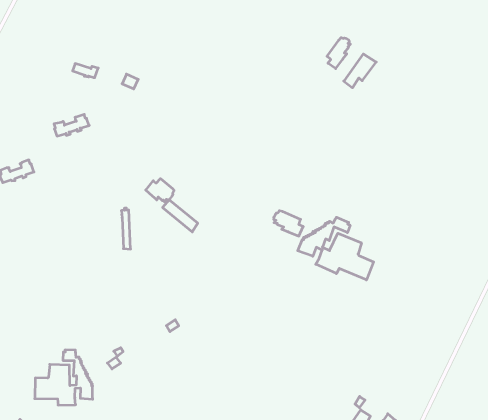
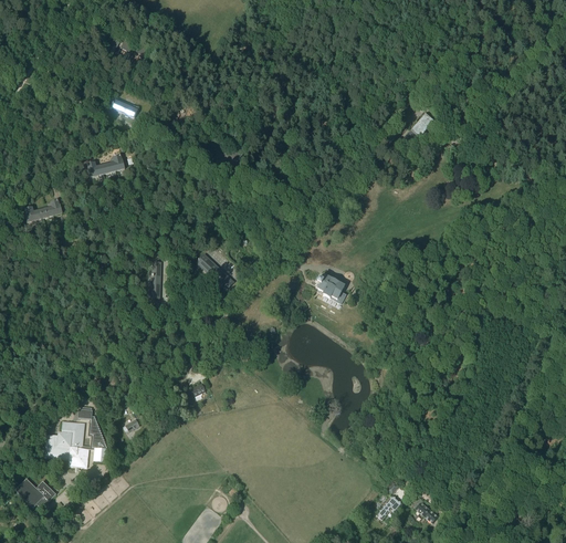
building: [327,38,350,69] -> none
building: [146,179,174,202] -> none
building: [298,217,374,280] -> none

